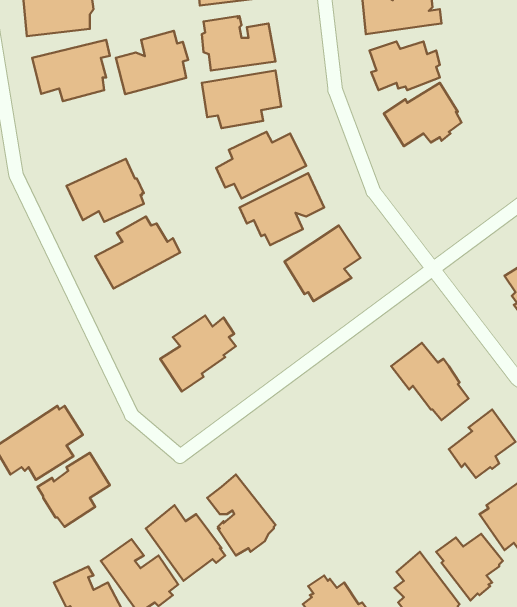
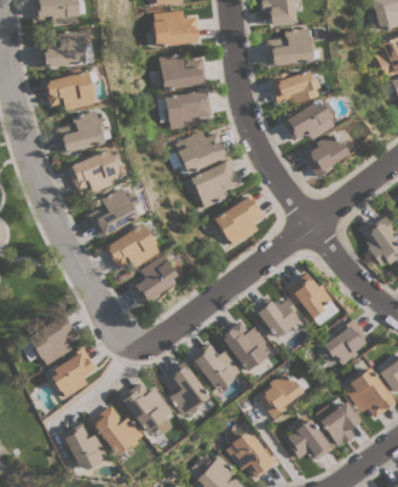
building: [116,31,188,94] -> [56,110,104,153]
building: none -> [302,133,348,177]
building: none -> [105,223,158,268]
building: none -> [253,297,299,338]
building: none -> [220,320,272,371]
building: none -> [188,342,240,393]
building: none -> [258,372,302,418]

